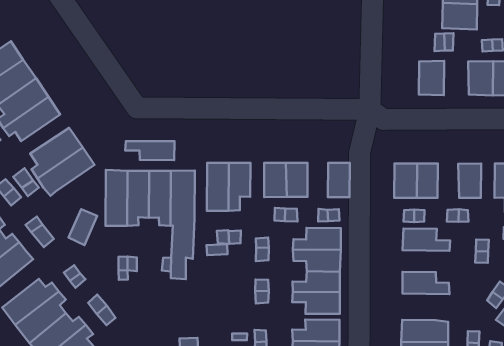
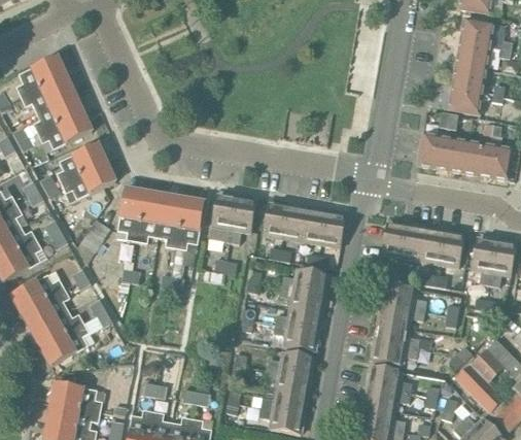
building: none -> [441,137,467,171]
building: [125,141,174,160] -> none
building: none -> [303,209,326,243]
building: none -> [420,229,444,263]
building: none -> [378,302,423,327]
building: none -> [372,341,417,366]

